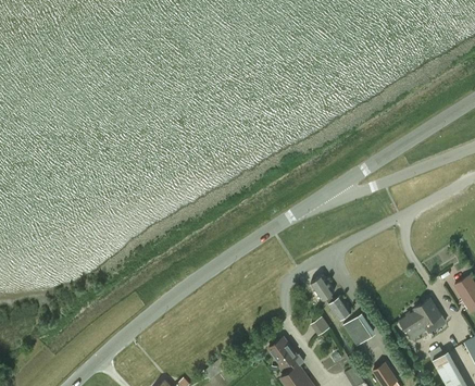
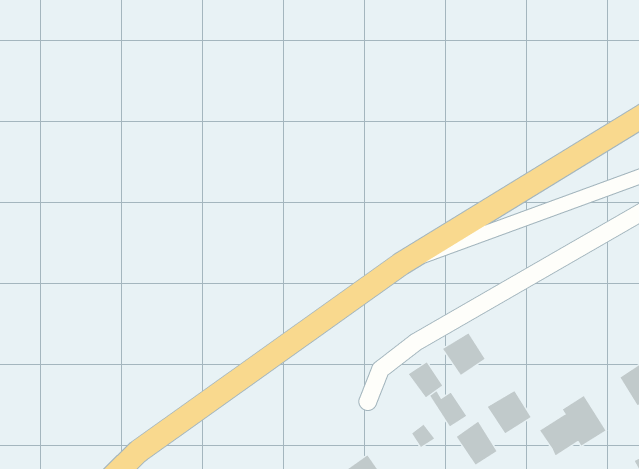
building: none -> [442,332,485,376]
building: none -> [487,390,531,434]

